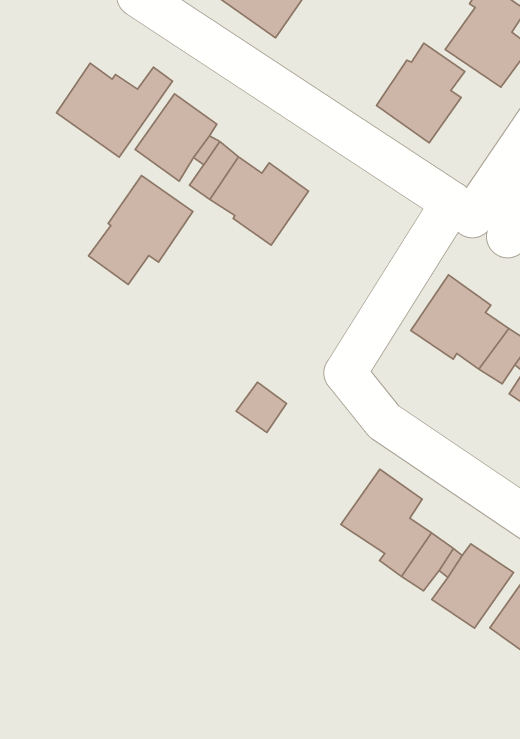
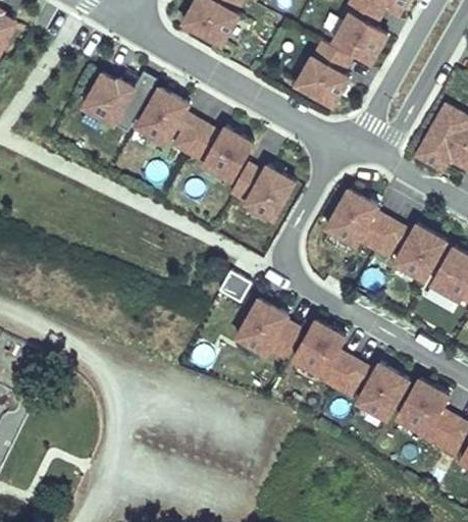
building: [89,175,193,285] -> none
building: none -> [229,163,294,220]
building: none -> [237,299,300,359]

